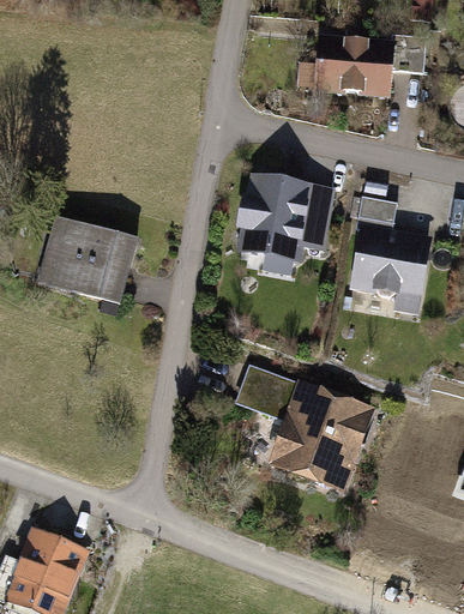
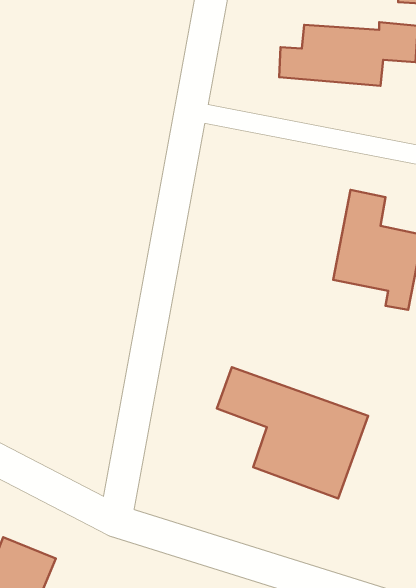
building: [239,180,336,275] -> none
building: [41,213,144,302] -> none

